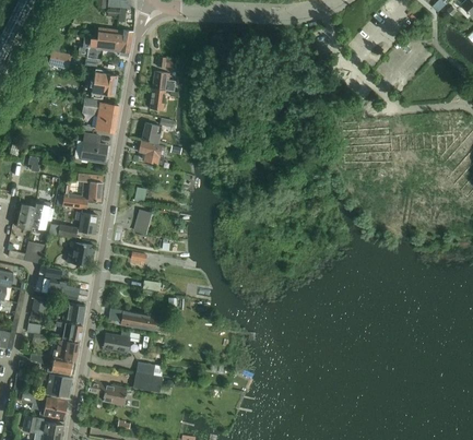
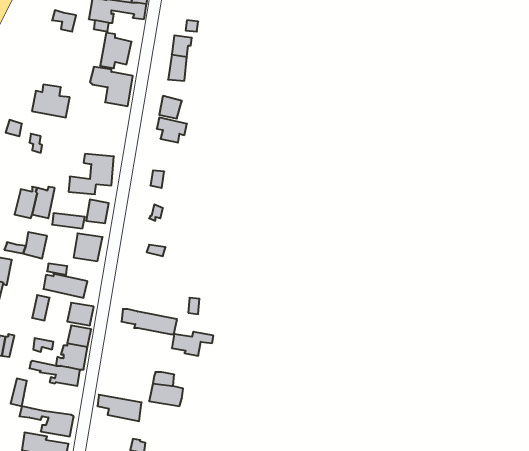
building: [75,134,108,163] -> [32,85,70,117]
building: [104,332,140,353] -> [172,332,213,356]
building: [43,373,72,400] -> none

